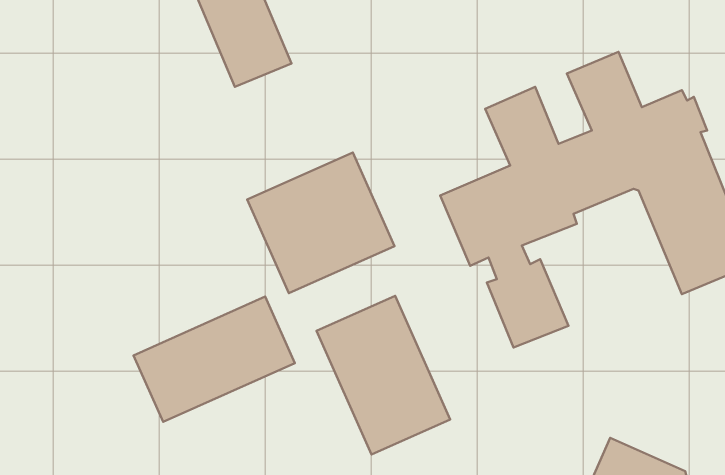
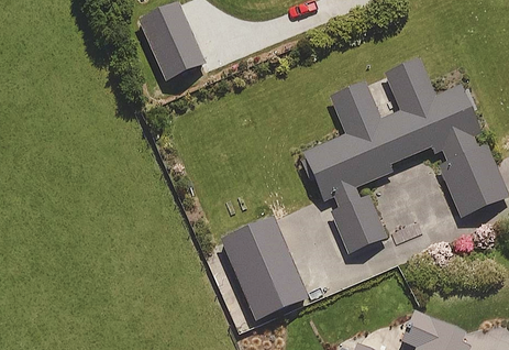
building: [247,153,394,293] -> none
building: [134,297,295,422] -> none

